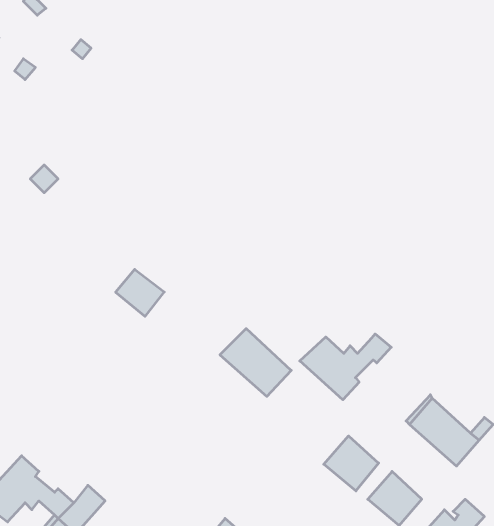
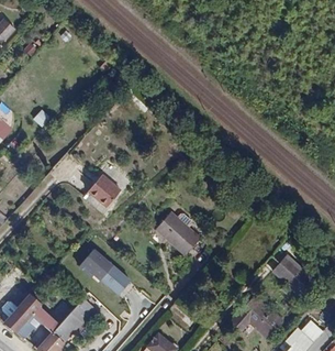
building: [300,334,391,400] -> none
building: none -> [80,248,134,297]
building: [324,436,379,491] -> none

